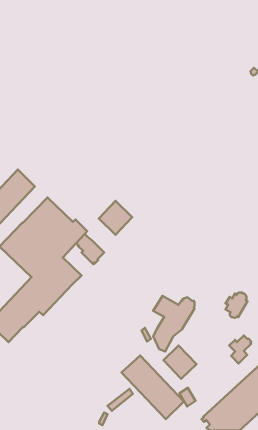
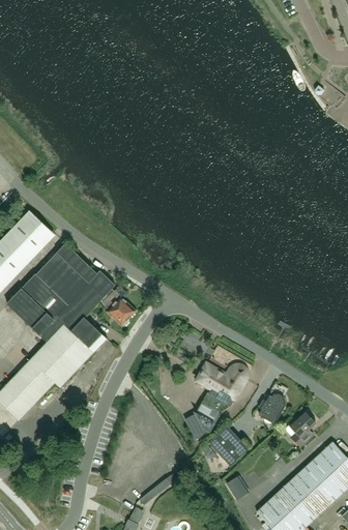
building: [99,201,132,235] -> none
building: [225,293,247,318] -> [259,393,286,424]
building: [121,355,184,419] -> none

